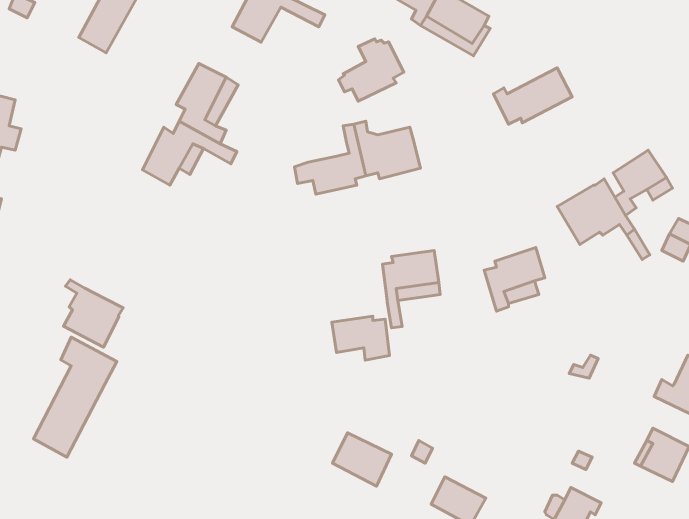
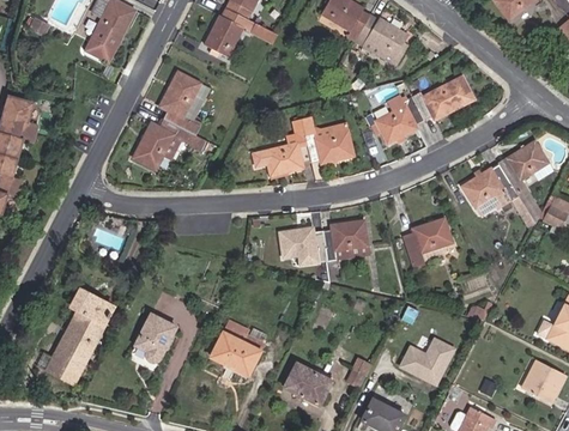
building: [339,39,404,101] -> [371,93,423,142]
building: [64,280,123,347] -> none
building: [332,316,390,360] -> [282,227,327,262]
building: none -> [134,312,176,362]
building: none -> [210,318,265,375]
building: none -> [398,335,456,386]

